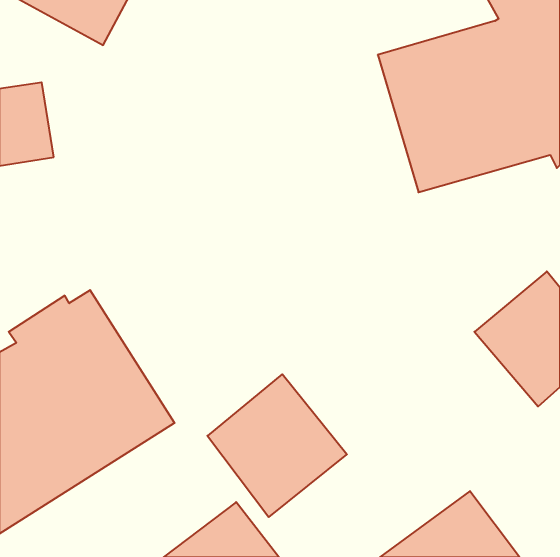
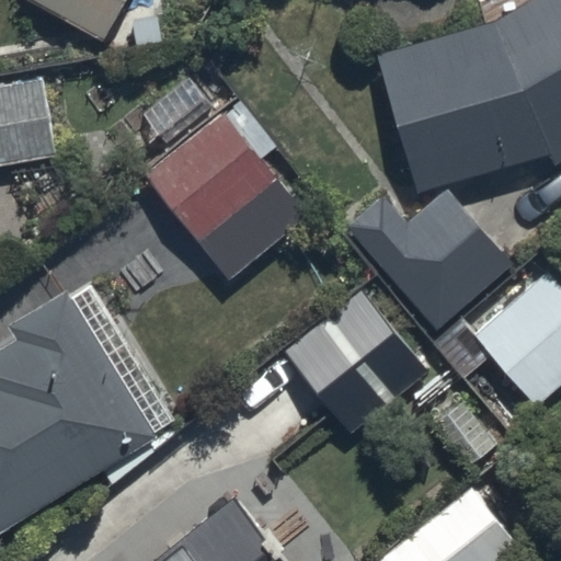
building: none -> [146,96,307,279]
building: none -> [344,188,513,329]
building: [207,374,347,517] -> [287,291,426,434]

